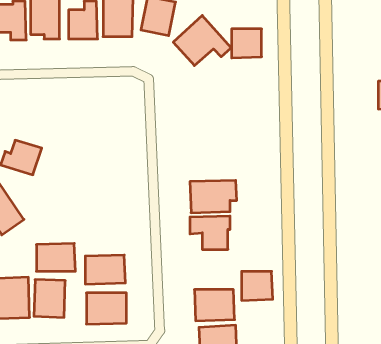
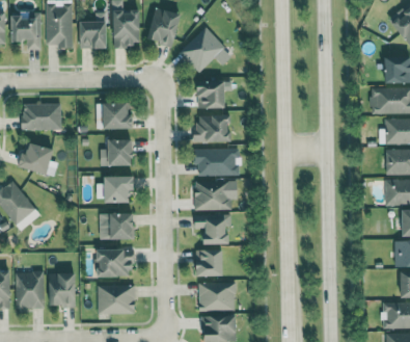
building: [232,29,262,58] -> [197,81,225,108]
building: none -> [103,102,132,129]
building: none -> [21,103,60,130]
building: none -> [194,114,230,141]
building: none -> [100,139,133,166]
building: none -> [193,149,238,175]
building: none -> [103,176,135,203]
building: [36,243,75,271] -> [99,213,135,239]
building: [242,271,273,300] -> [195,249,224,277]

